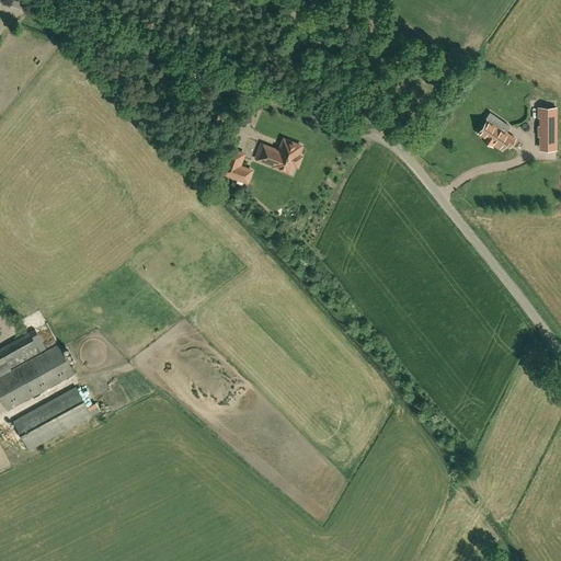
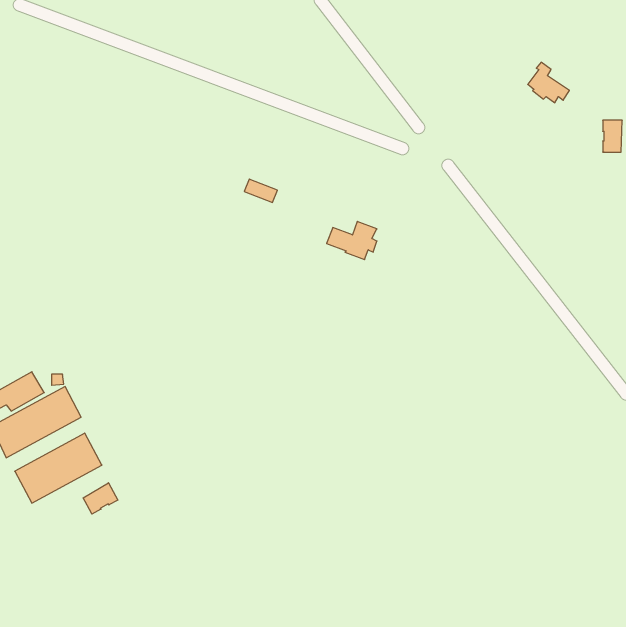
building: [477,113,514,149] -> [528,62,569,103]
building: [255,139,300,173] -> [327,221,377,260]
building: none -> [83,483,118,514]

